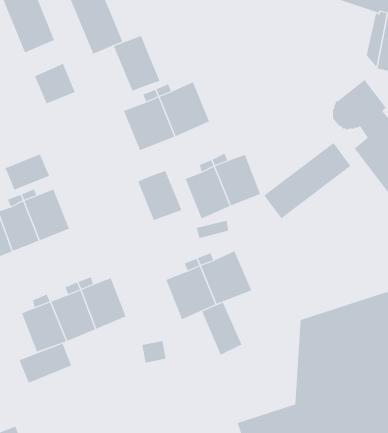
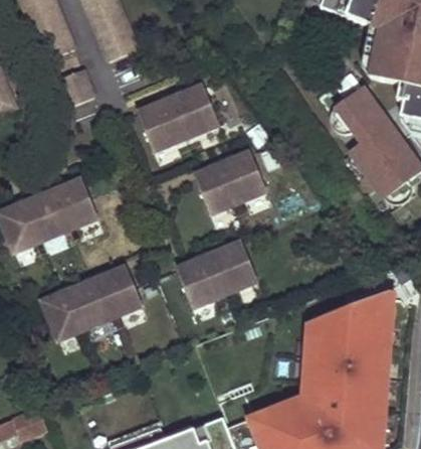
building: [113,35,160,91] -> none
building: [264,142,351,219] -> none
building: [5,153,50,190] -> none
building: [137,170,182,221] -> none
building: [201,302,242,356] -> none
building: [19,343,72,383] -> none

